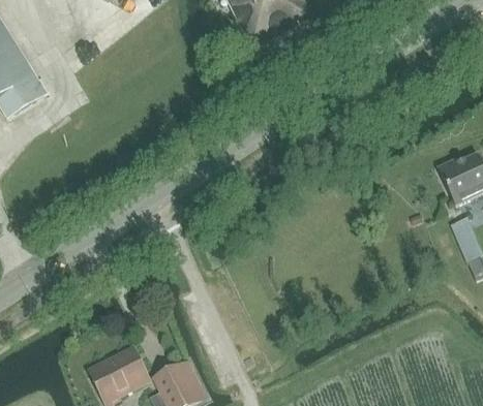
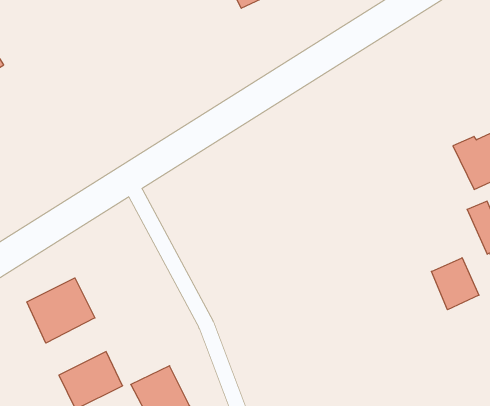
building: none -> [431,258,479,310]
building: none -> [27,278,95,343]

